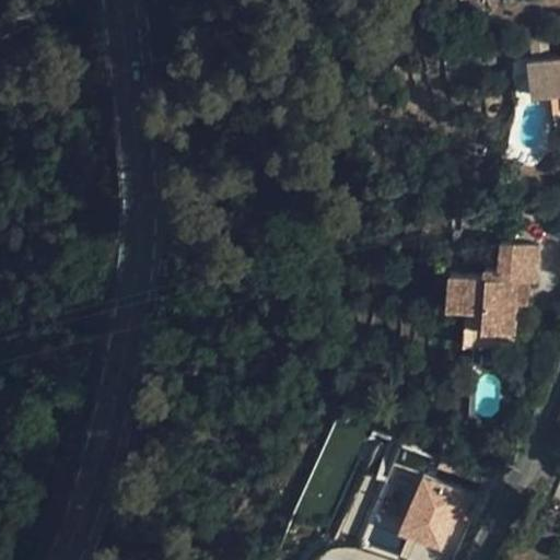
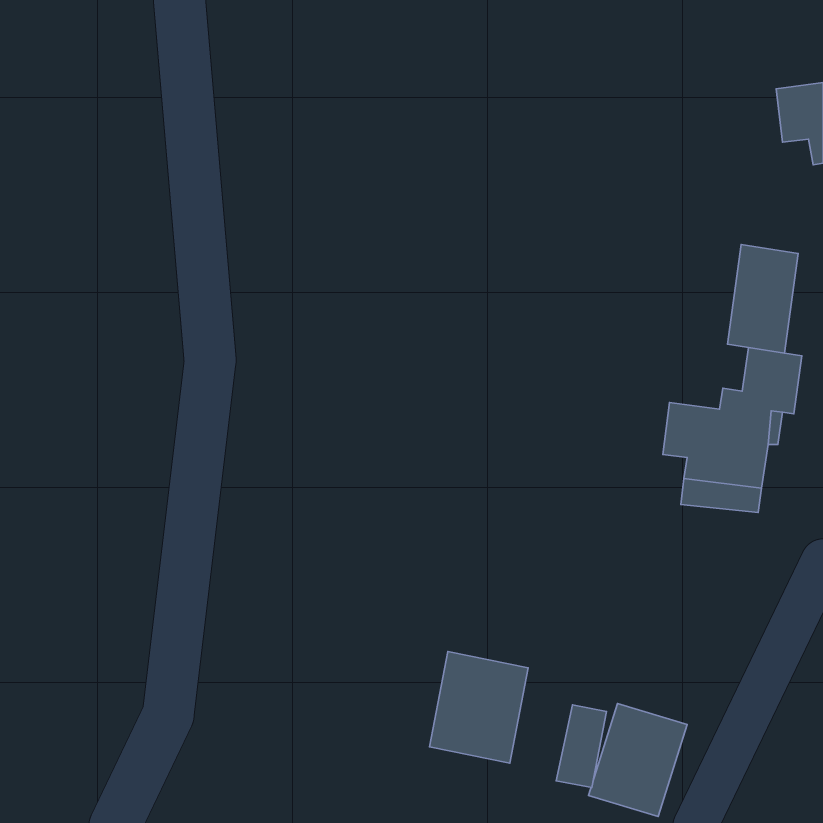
building: none -> [727,245,798,353]
building: none -> [430,652,528,763]

